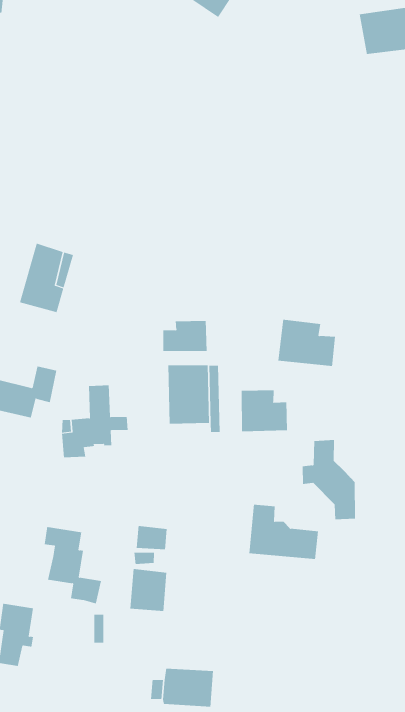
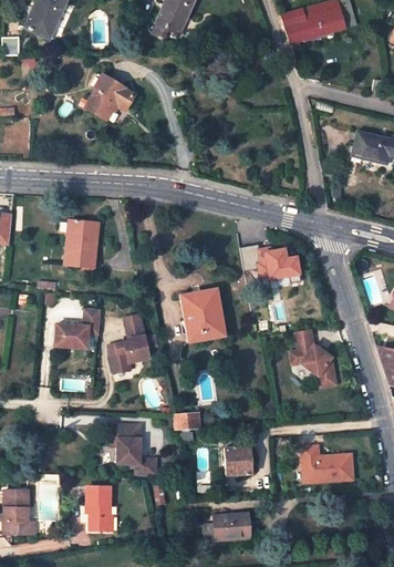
building: none -> [83,78,133,120]
building: [163,320,207,352] -> none
building: [241,390,288,432] -> none
building: [248,504,319,560] -> [300,445,352,483]
building: [130,569,167,611] -> [224,445,251,476]

